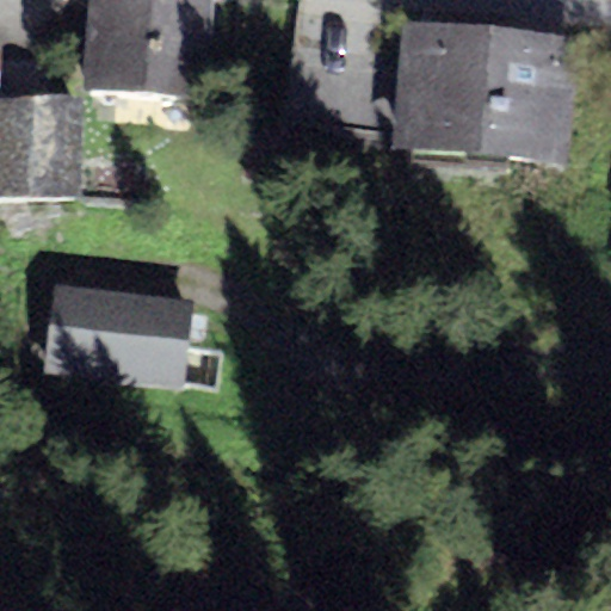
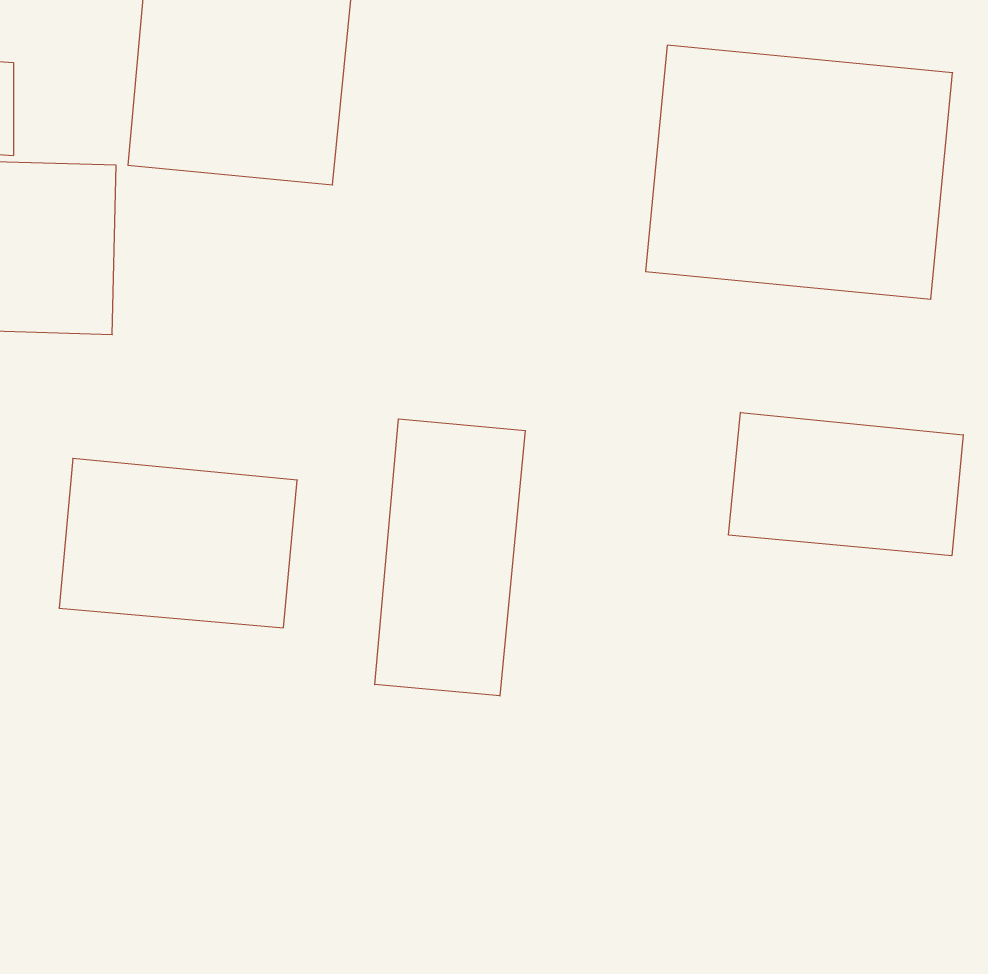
building: none -> [729,412,963,556]
building: none -> [375,419,525,696]

